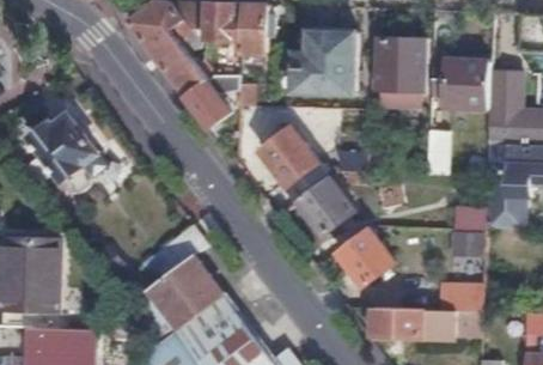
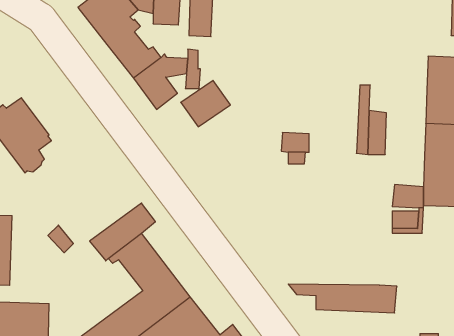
building: [292,30,355,95] -> none
building: [374,38,422,92] -> none
building: [429,61,489,108] -> none
building: [261,129,317,187] -> none
building: [298,178,353,233] -> none
building: [336,229,392,285] -> none
building: [439,284,482,311] -> none

